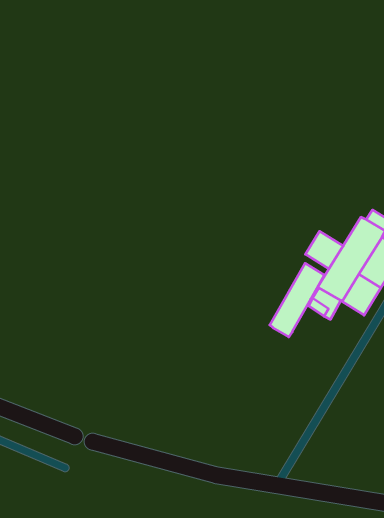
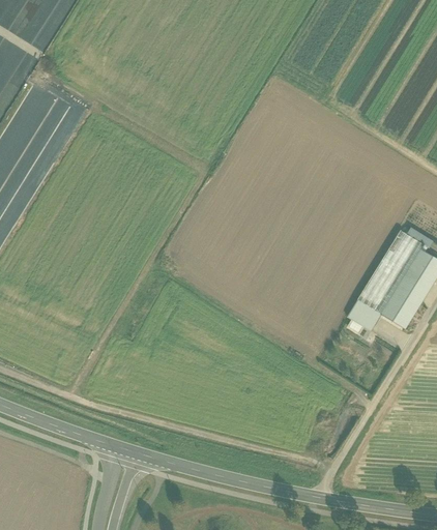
building: [305,231,343,269] -> none
building: [270,263,325,337] -> none

